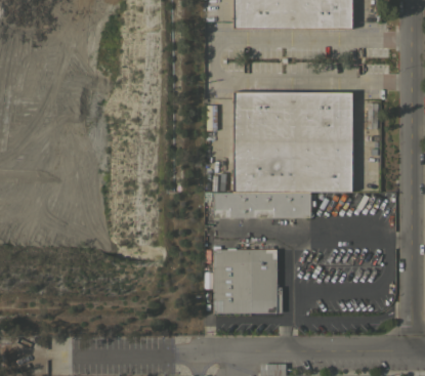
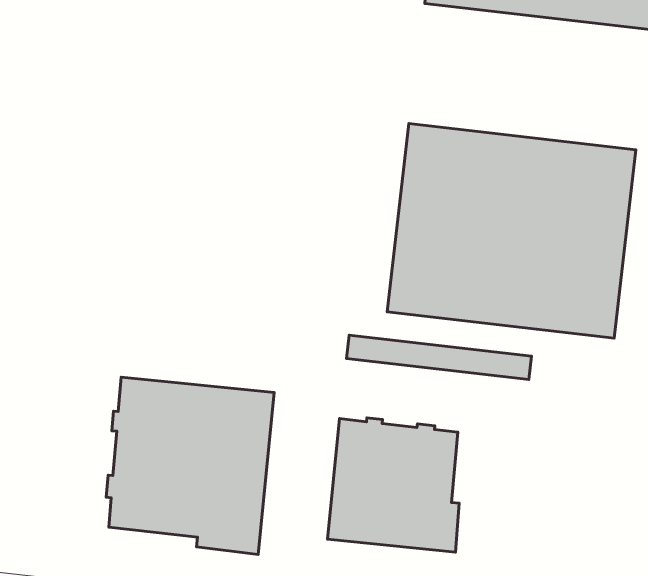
building: [215,191,312,205] -> none
building: none -> [106,377,274,555]

